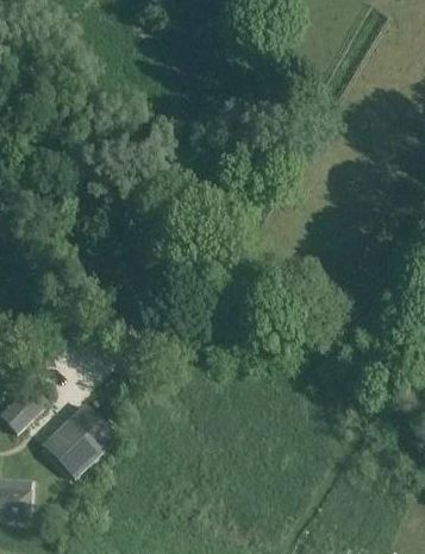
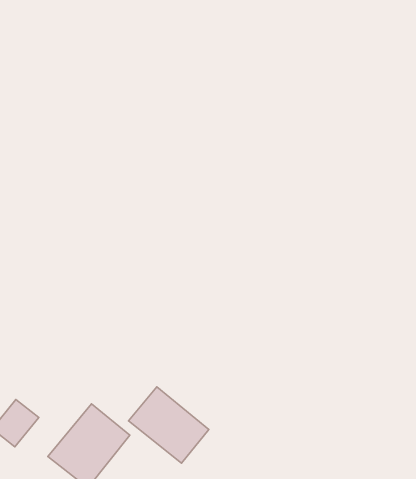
building: none -> [128,387,209,463]

